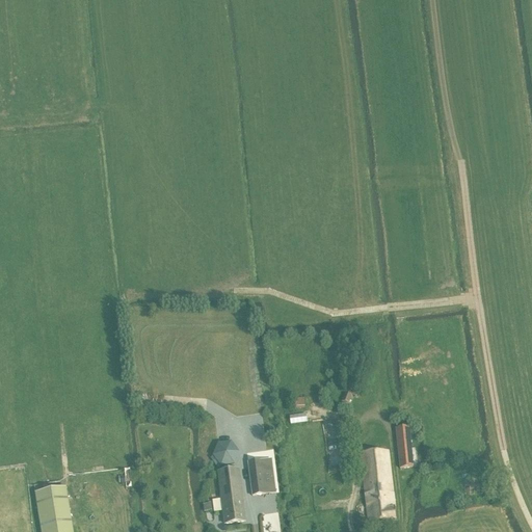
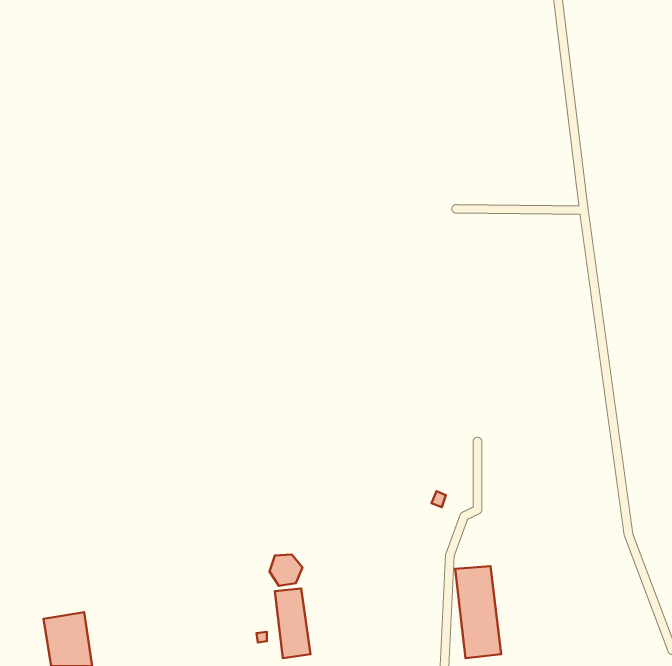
building: [395,424,413,466] -> none
building: [246,456,275,494] -> none

